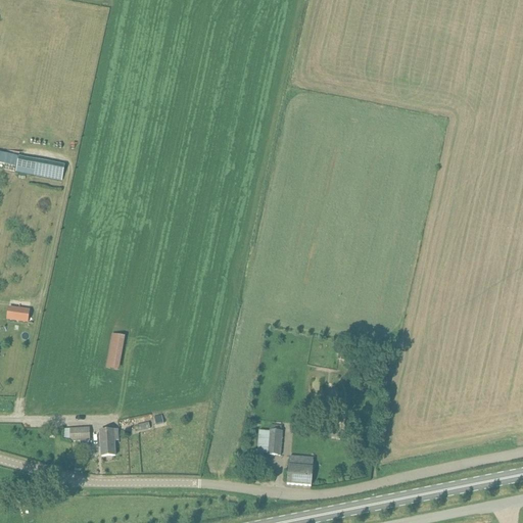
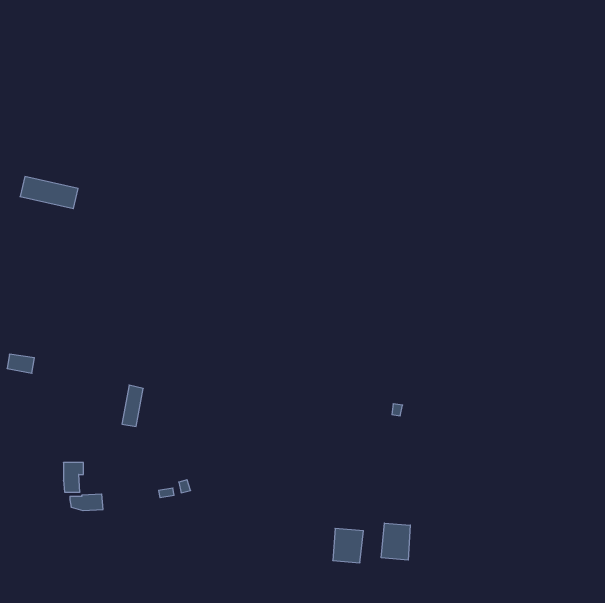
building: [101,429,118,455] -> [63,463,83,492]
building: [257,429,282,455] -> none
building: none -> [381,523,410,560]

